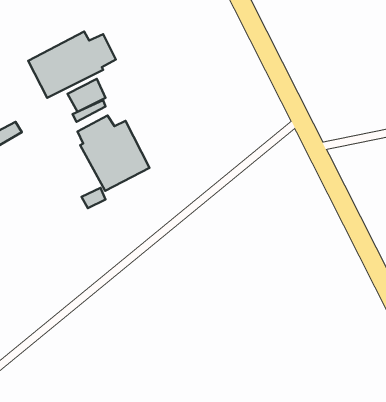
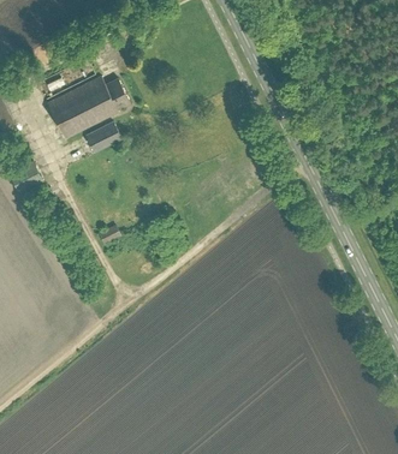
building: [78,115,150,191] -> none

